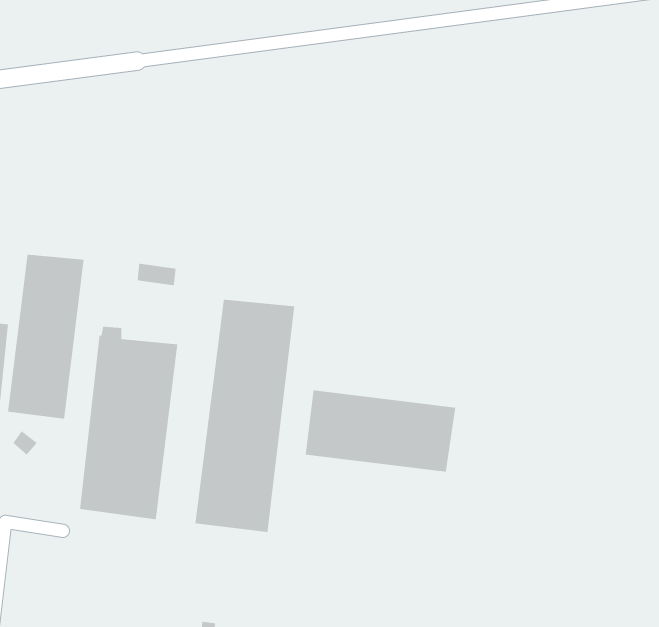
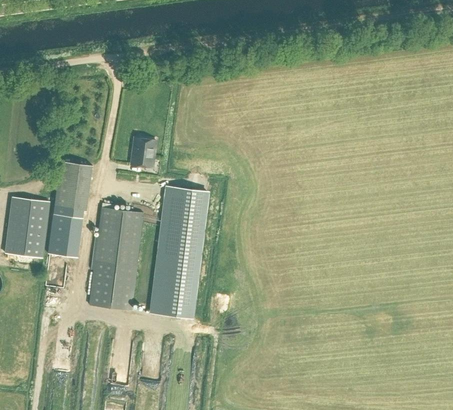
building: none -> [130,135,154,166]
building: [305,389,456,472] -> none

